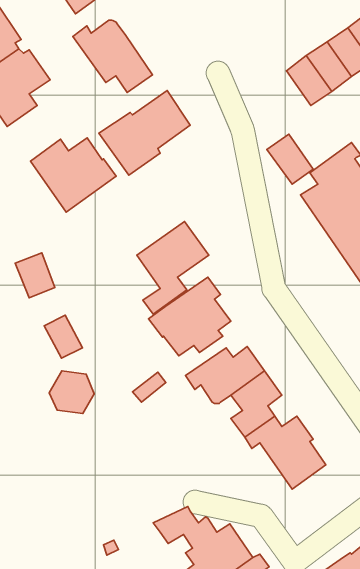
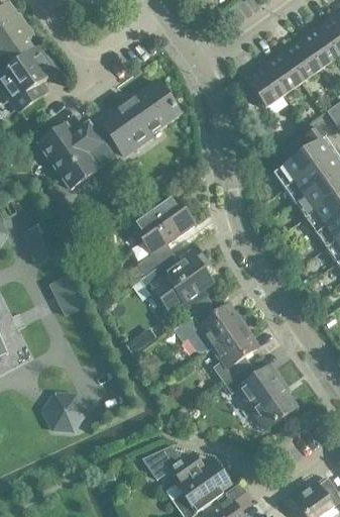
building: [73,20,153,93] -> none
building: [267,134,313,184] -> [243,64,284,107]
building: [49,371,94,414] -> [44,393,84,430]

